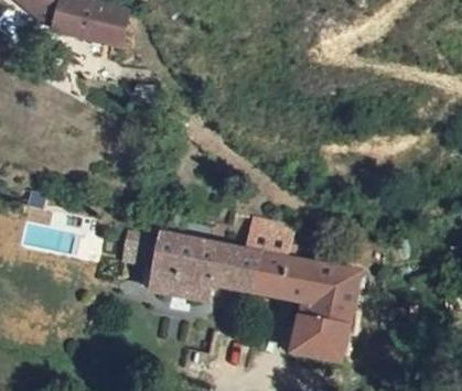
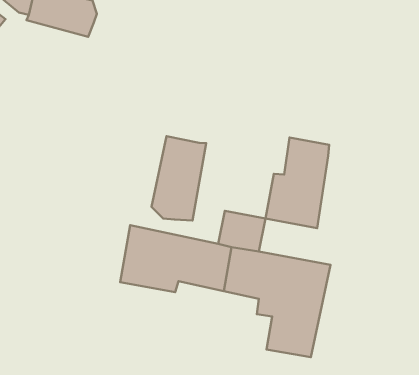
building: none -> [151,136,206,221]
building: none -> [266,137,329,228]

